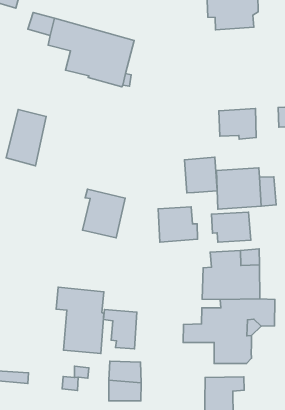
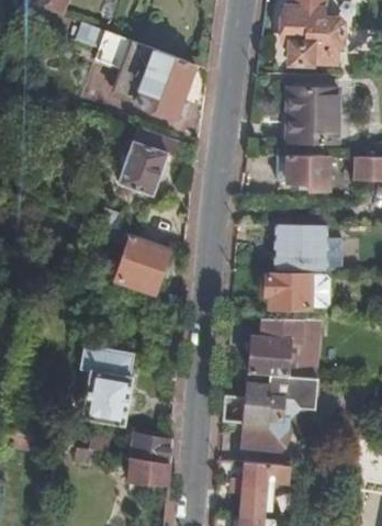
building: none -> [278,87,336,143]
building: [6,110,46,166] -> [119,127,169,194]
building: [185,157,217,193] -> none
building: [158,207,197,242] -> none
building: [103,309,137,349] -> none

